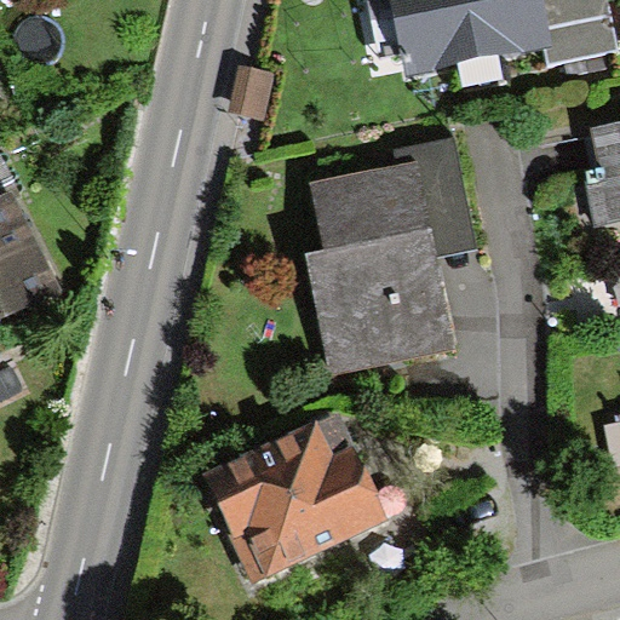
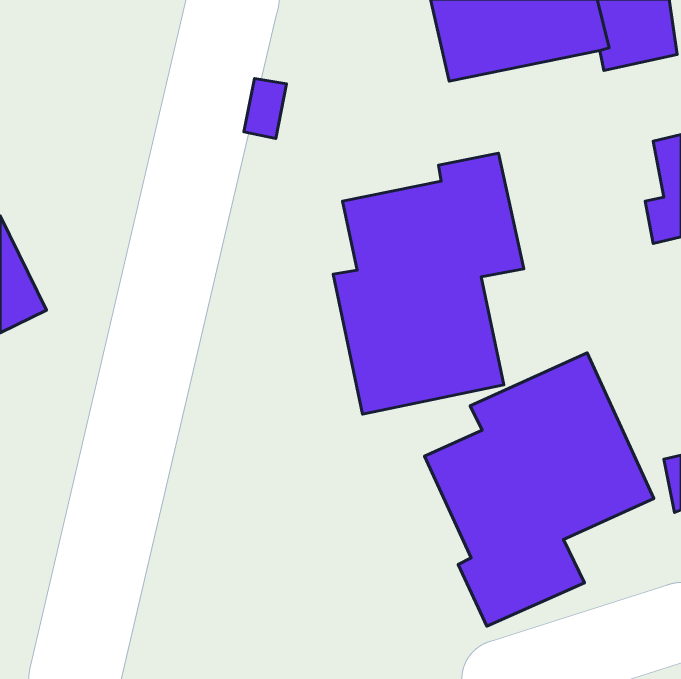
building: none -> [424,353,654,626]
building: [203,411,389,581] -> none

